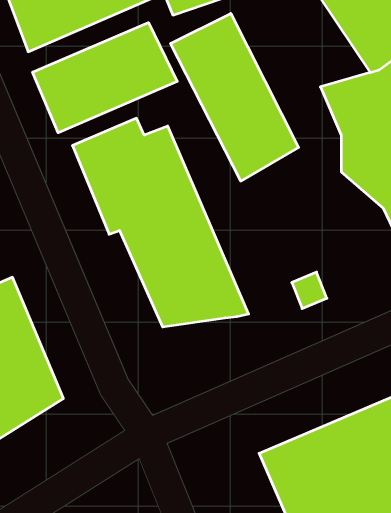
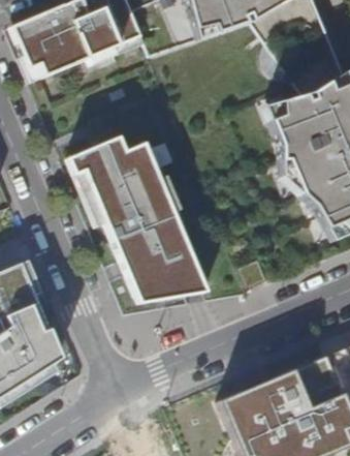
building: [171,13,299,181] -> none
building: [33,23,177,133] -> none

